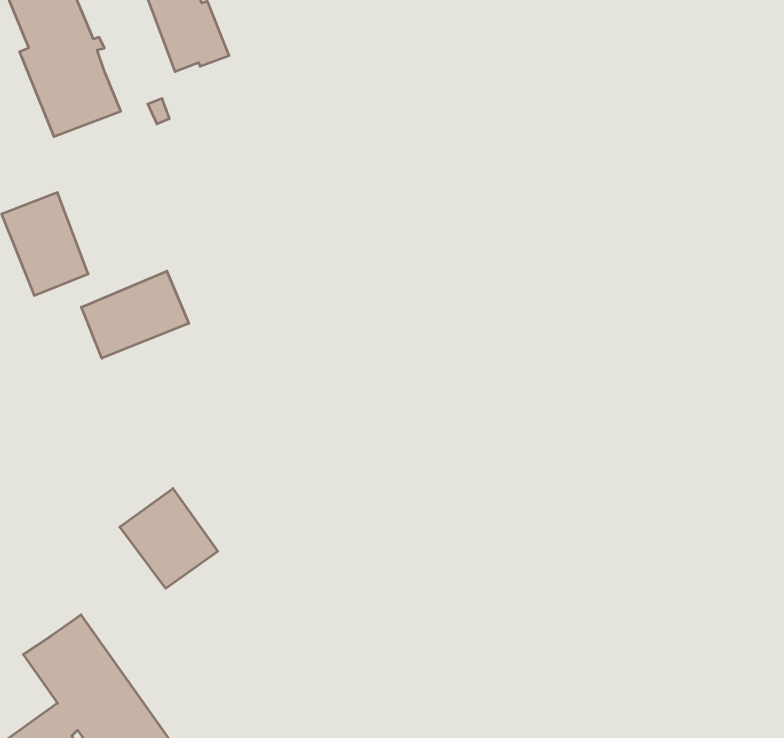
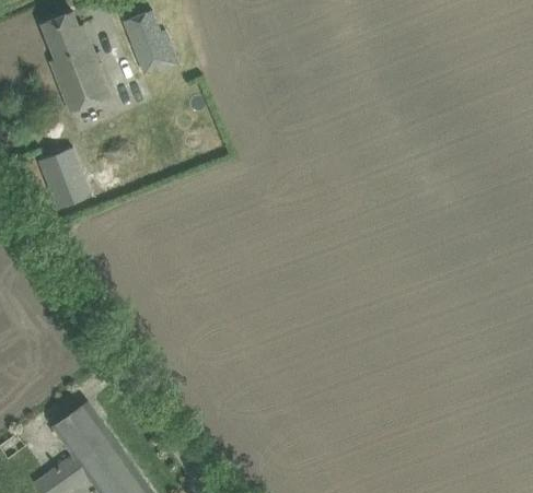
building: [81,271,189,358] -> none
building: [120,488,218,588] -> none

